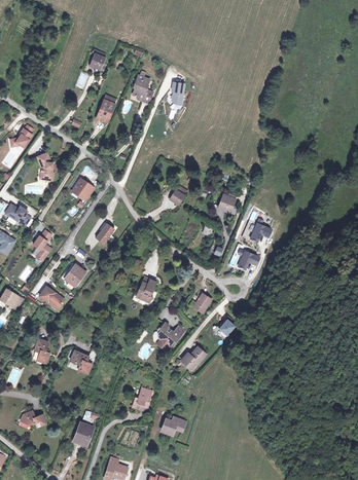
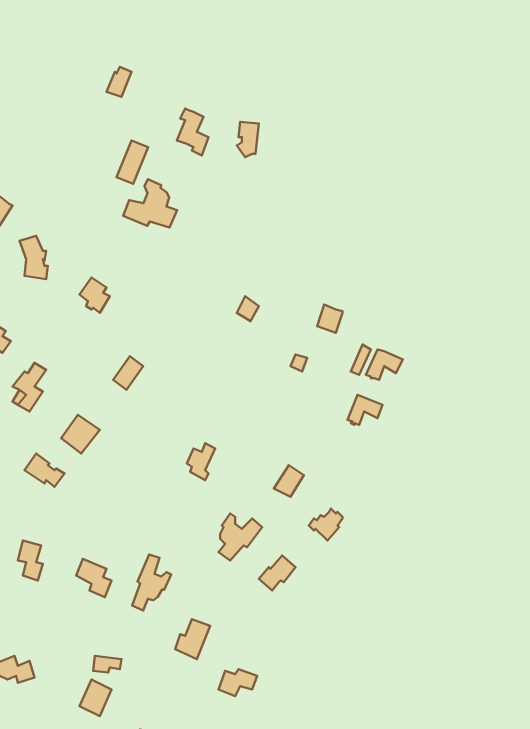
building: none -> [123,179,177,227]
building: none -> [132,554,171,611]

